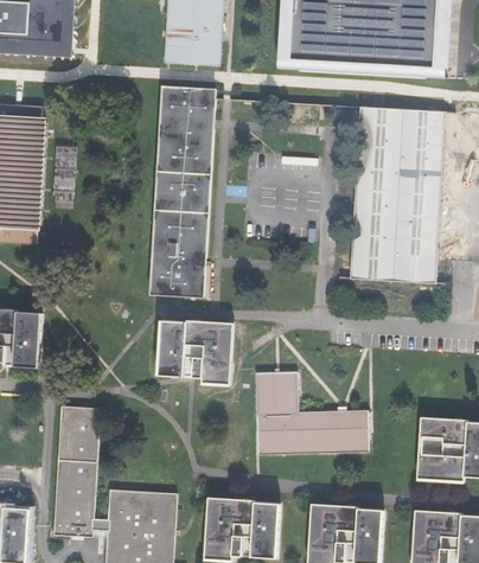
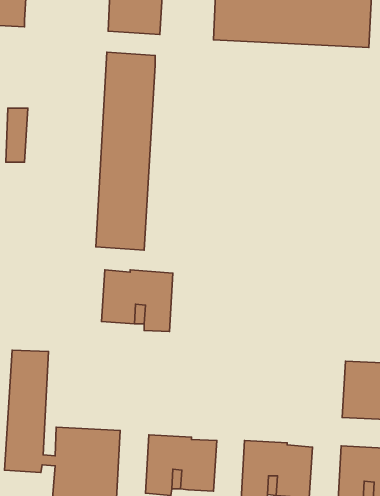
building: [350,105,445,282] -> none
building: [255,372,368,455] -> none

